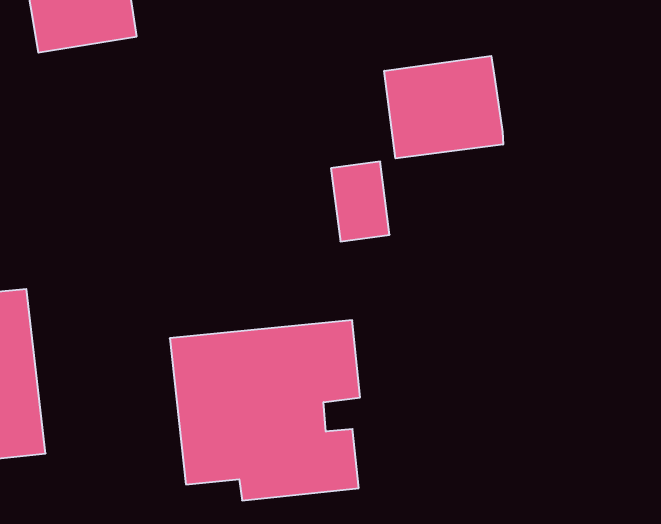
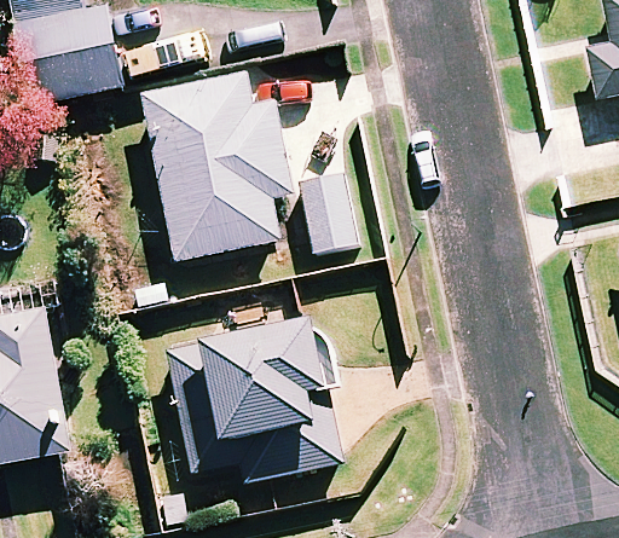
building: none -> [144,74,290,256]
building: [384,56,503,158] -> none

